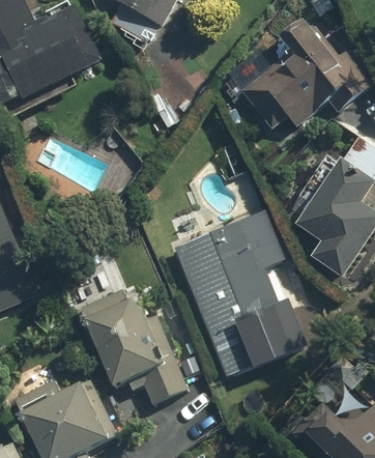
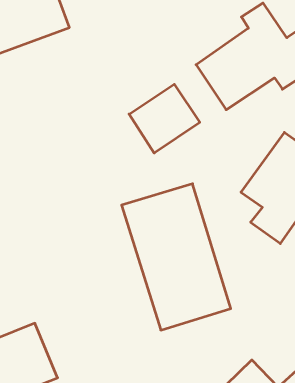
building: none -> [129,84,200,153]
building: [85,295,188,402] -> none

